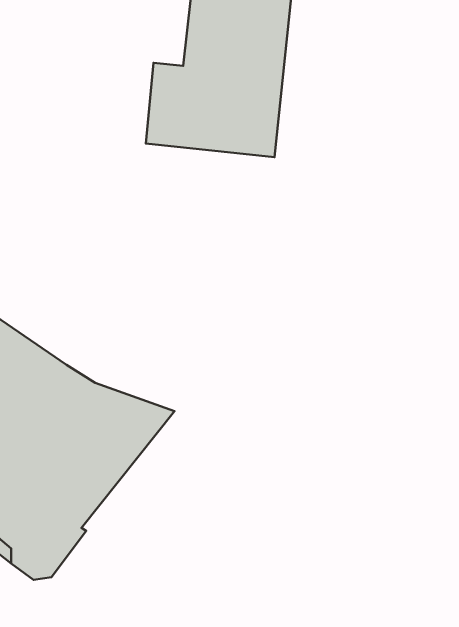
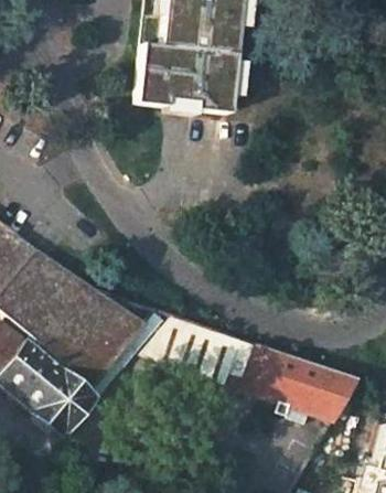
building: none -> [140,314,358,424]

